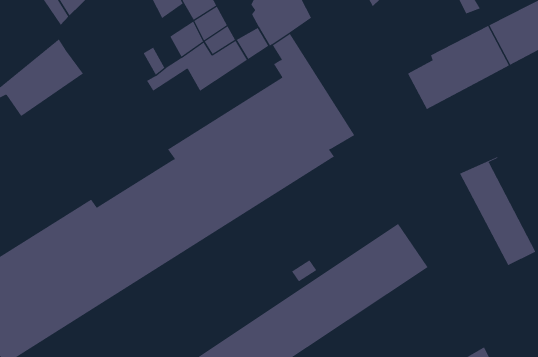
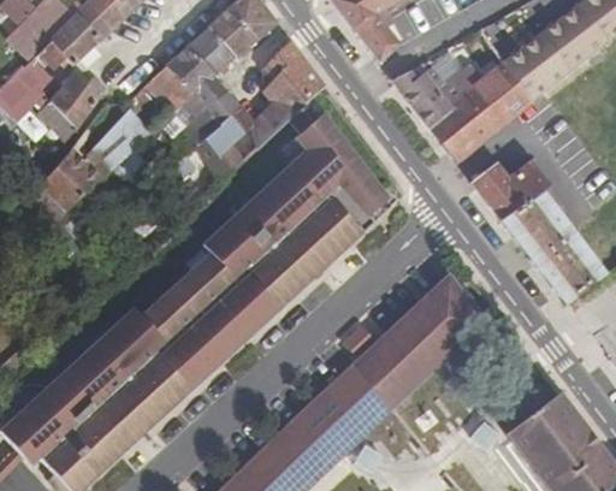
building: none -> [395,57,454,125]
building: none -> [79,118,147,183]
building: none -> [472,160,538,218]

